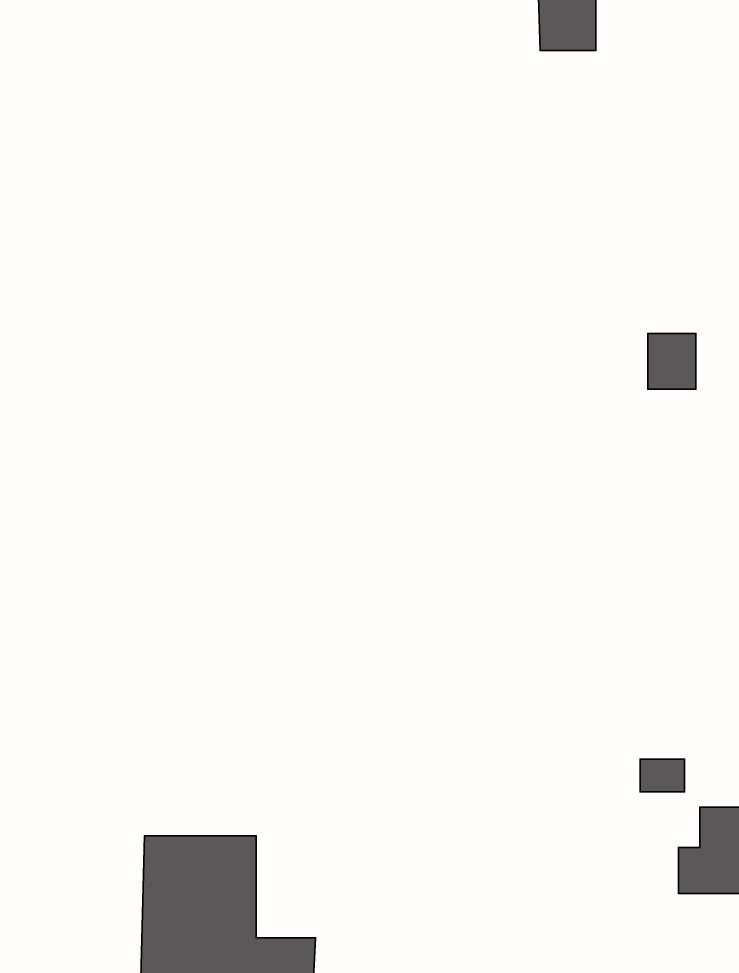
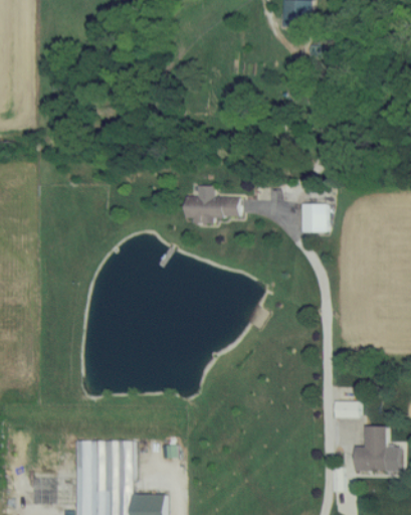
building: [648,333,696,389] -> [302,203,328,232]
building: none -> [187,186,240,221]

